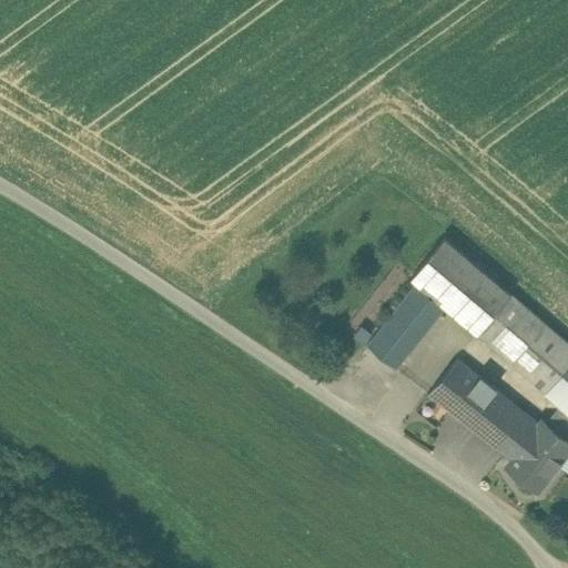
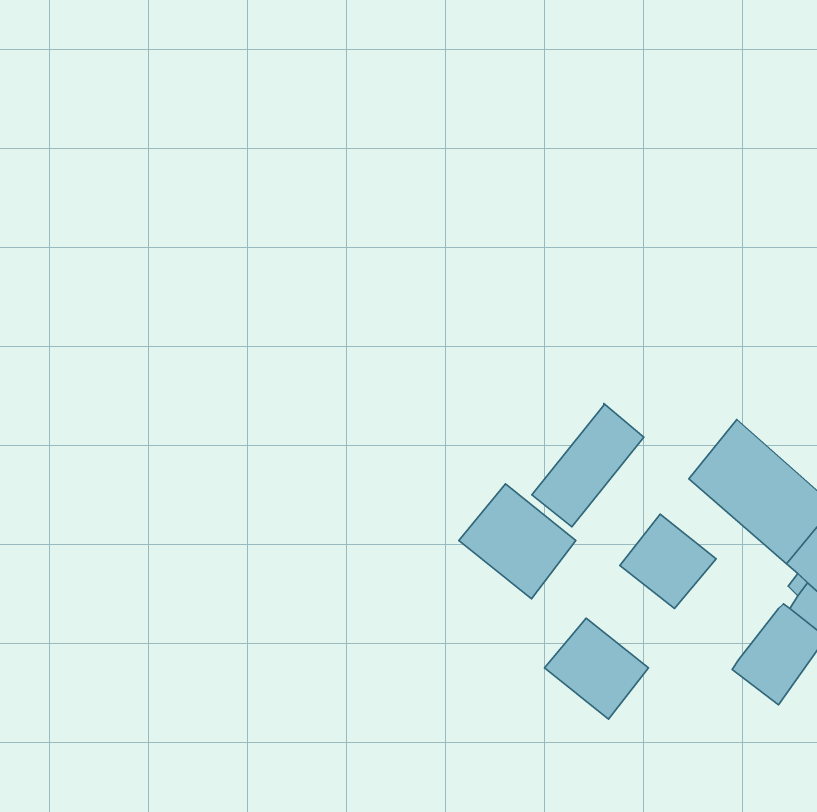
building: [413,240,511,336] -> none
building: none -> [459,484,576,599]
building: [468,392,540,462] -> [544,618,649,719]

